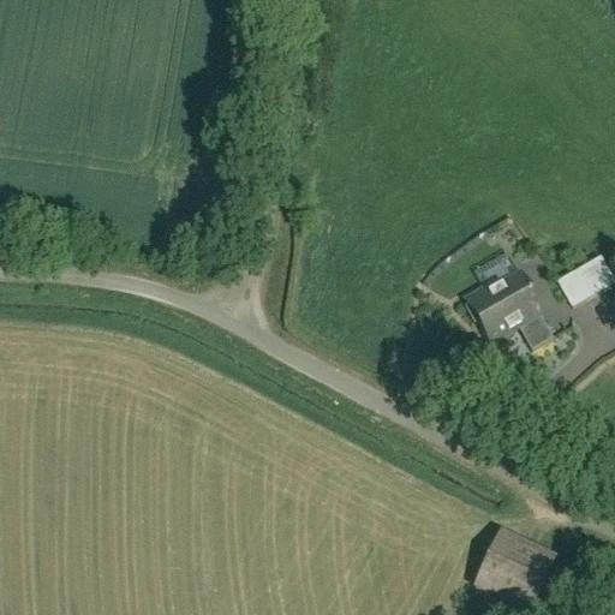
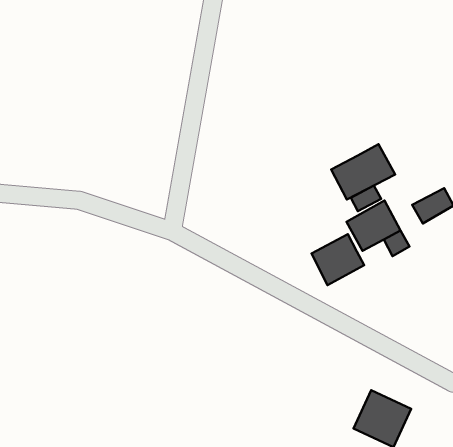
building: none -> [331,144,395,199]
building: none -> [312,234,364,285]

